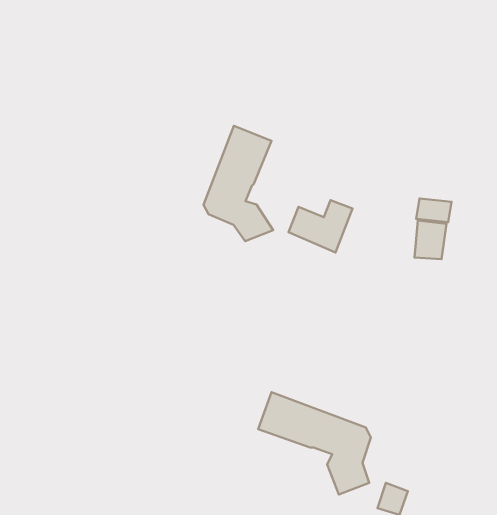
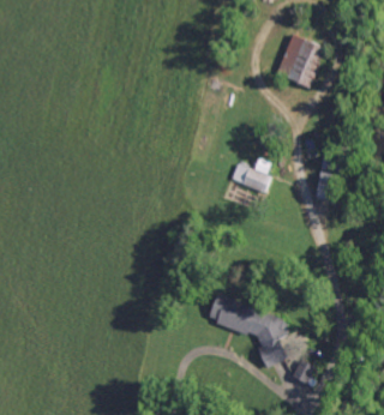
building: none -> [276,34,329,89]
building: [204,126,273,241] -> none

